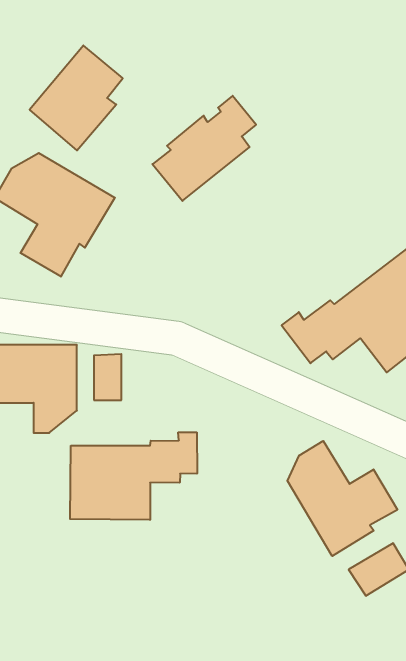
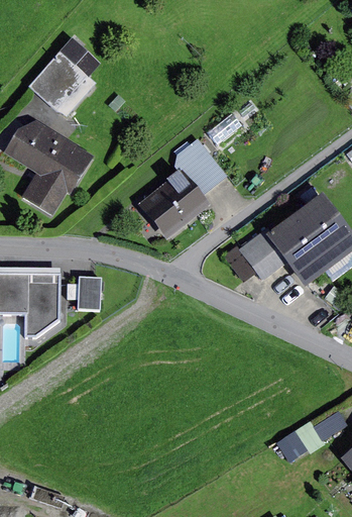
building: [152,96,256,201] -> [142,154,222,235]
building: [70,432,197,520] -> none
building: [287,441,397,556] -> none

